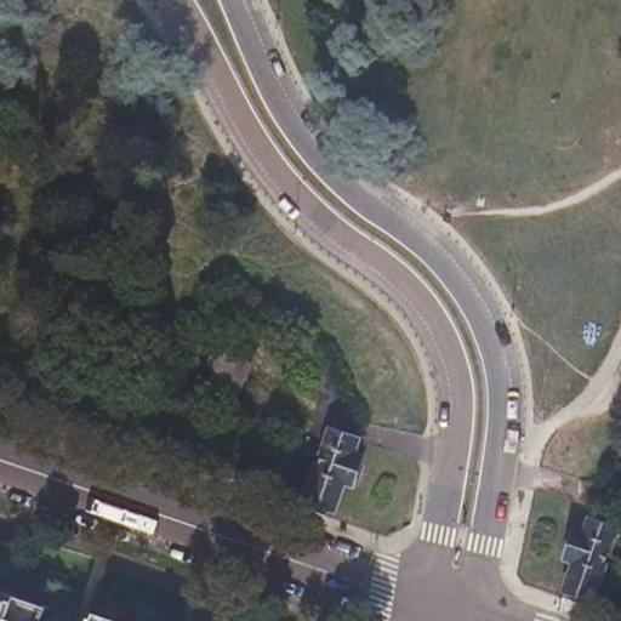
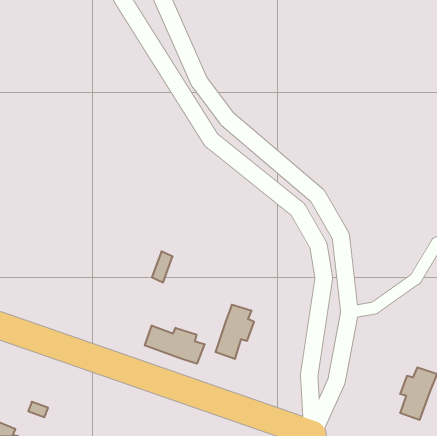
building: none -> [145,325,205,364]

